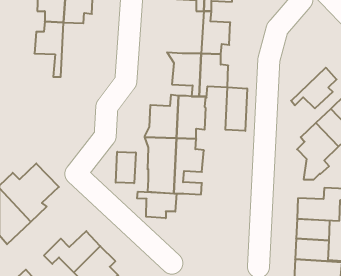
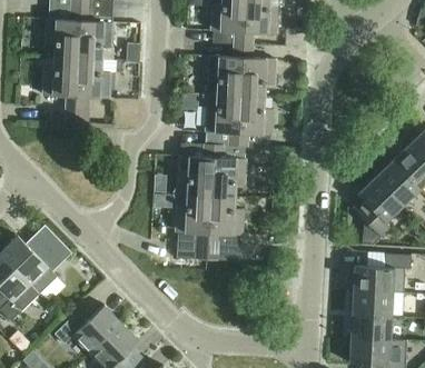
building: none -> [209,46,244,96]
building: none -> [73,59,115,135]
building: [291,68,337,108] -> none
building: [225,87,247,131] -> none
building: [116,152,136,183] -> none
building: [137,192,176,218] -> none

